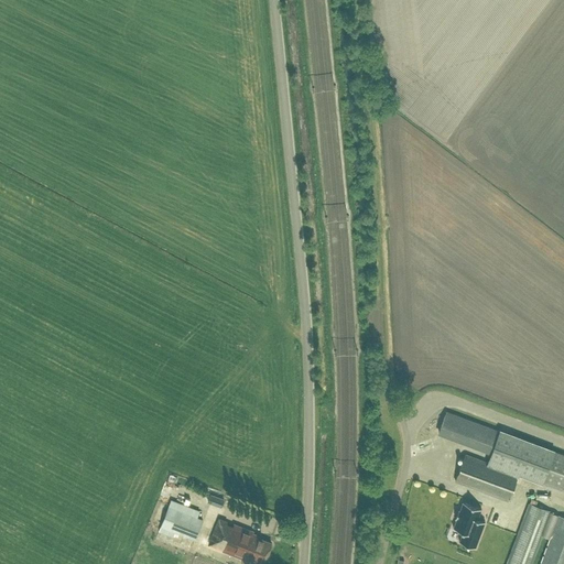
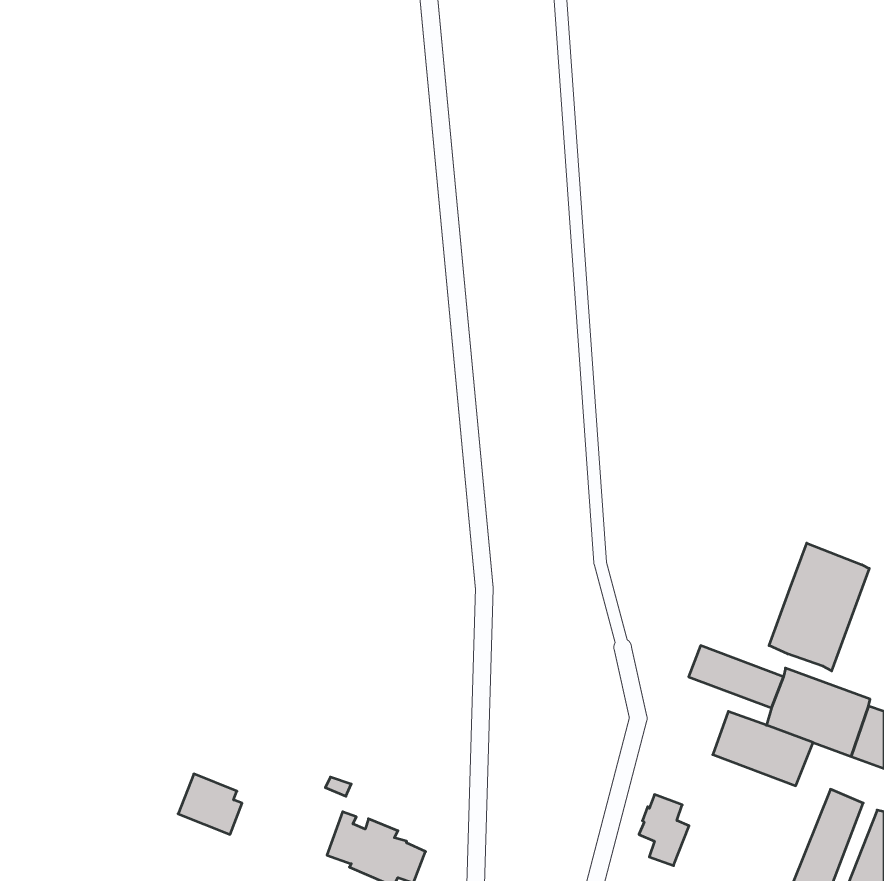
building: none -> [769,543,869,671]
building: [161,502,202,541] -> [178,774,242,834]
building: [453,503,485,549] -> [639,795,689,866]

